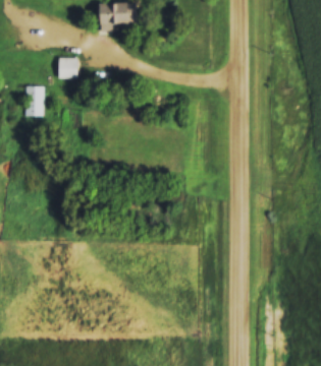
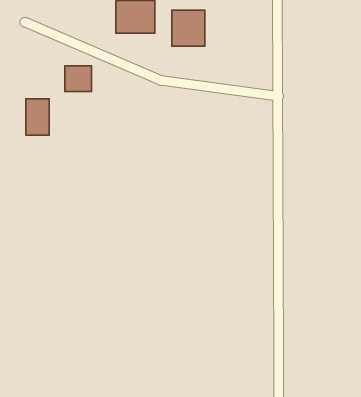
building: none -> [172,10,205,46]

